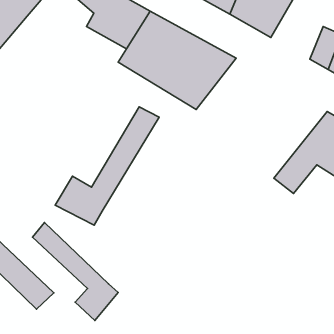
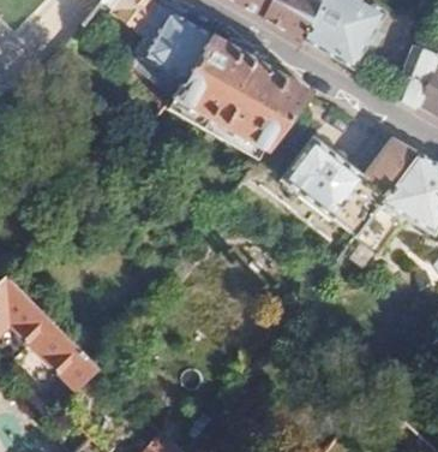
building: none -> [281,137,419,232]
building: [55,107,159,225] -> none
building: [33,223,118,321] -> none

